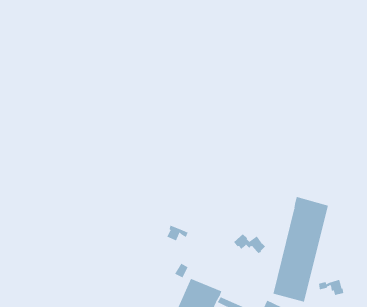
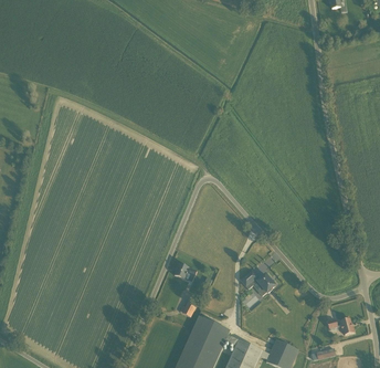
building: [273,196,328,302] -> none

